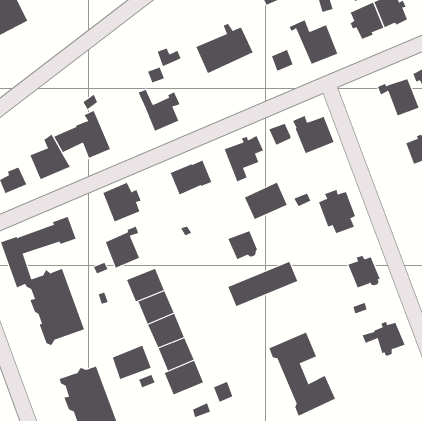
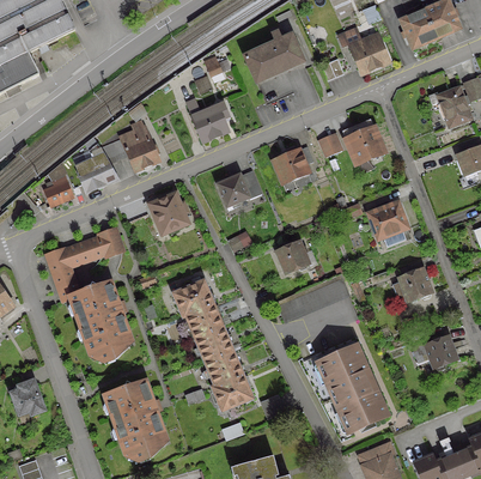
building: [244,182,292,220] -> none
building: [105,226,140,268] -> none
building: [112,345,151,380] -> none

